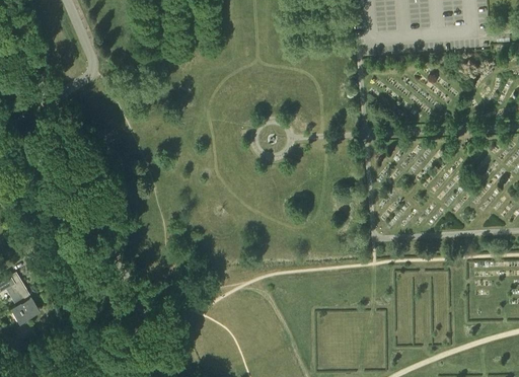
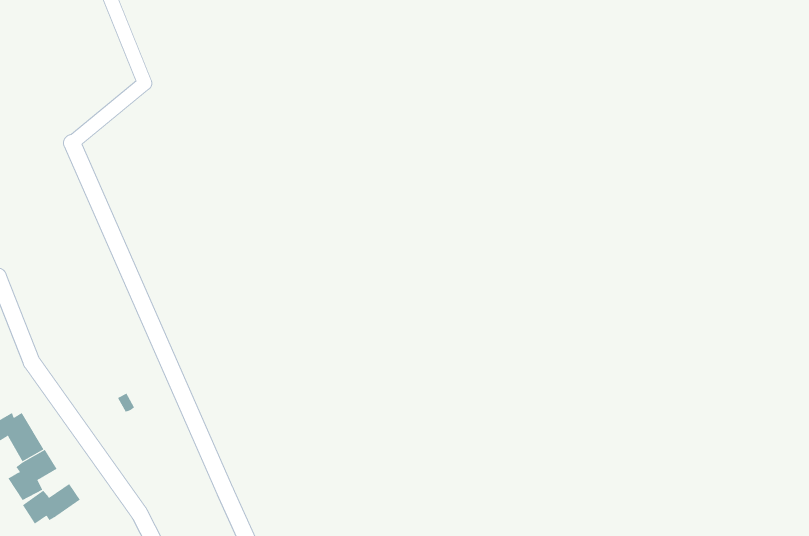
building: none -> [22,483,81,525]

